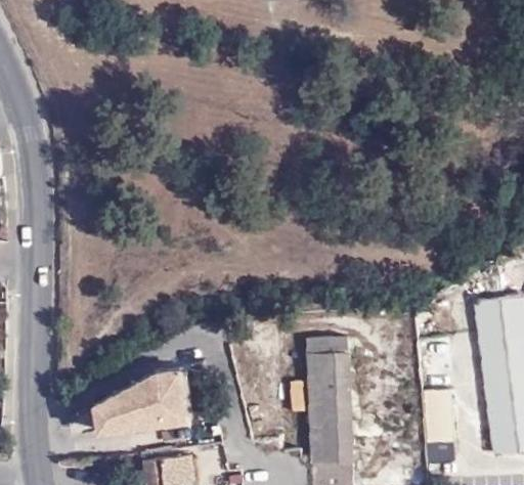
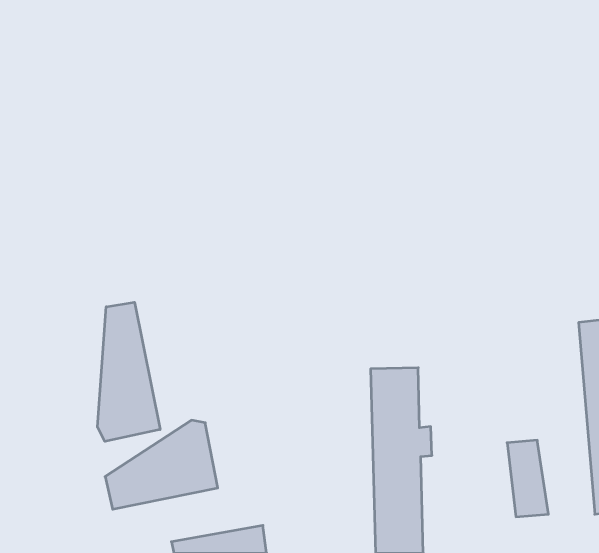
building: none -> [97,302,160,441]

